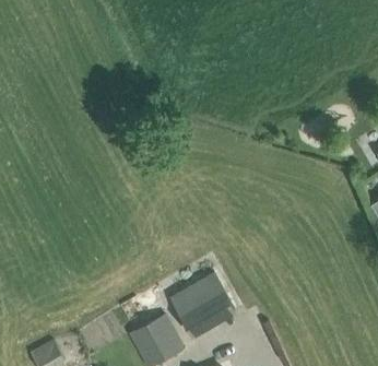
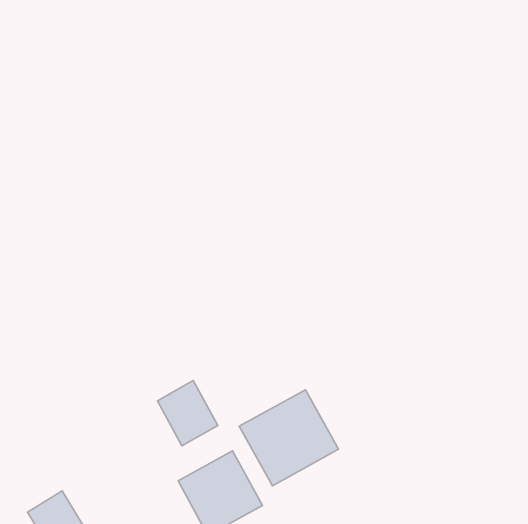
building: none -> [157,380,218,446]

